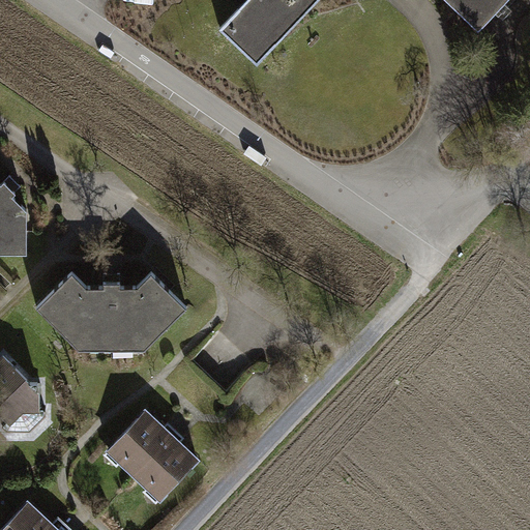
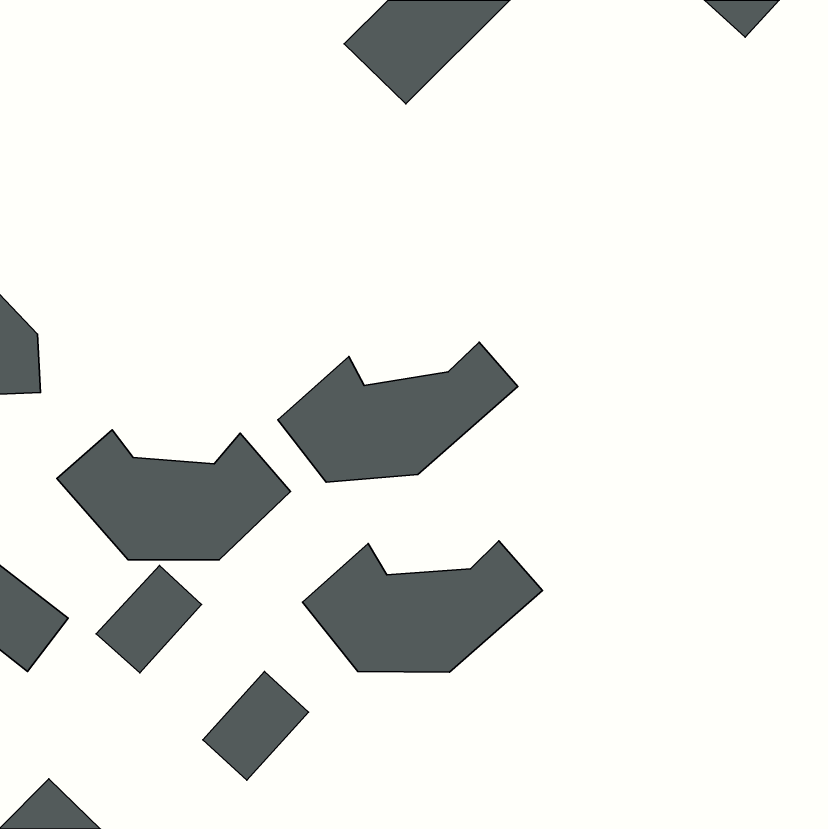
building: none -> [278,342,518,482]
building: none -> [303,541,542,672]
building: [101,404,169,472] -> [96,566,202,673]

